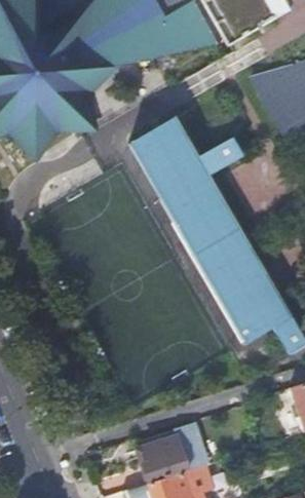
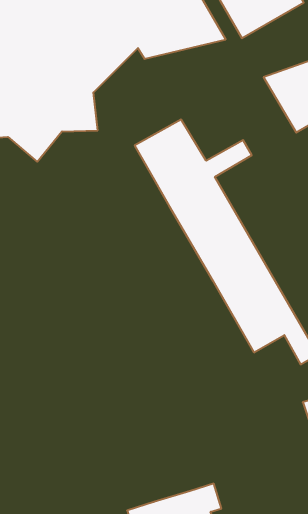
building: [138,421,209,482] -> none

